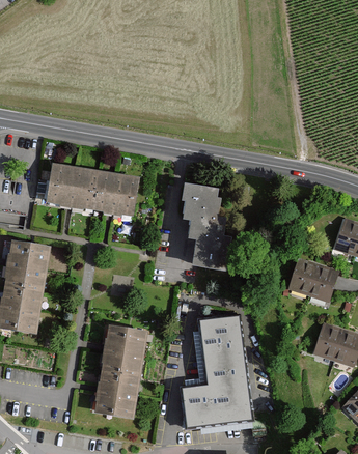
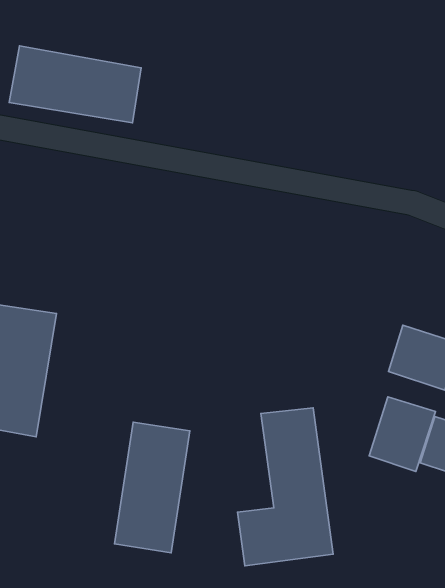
building: [44,162,138,217] -> [9,46,141,123]
building: [183,183,232,269] -> none
building: none -> [369,397,435,472]

